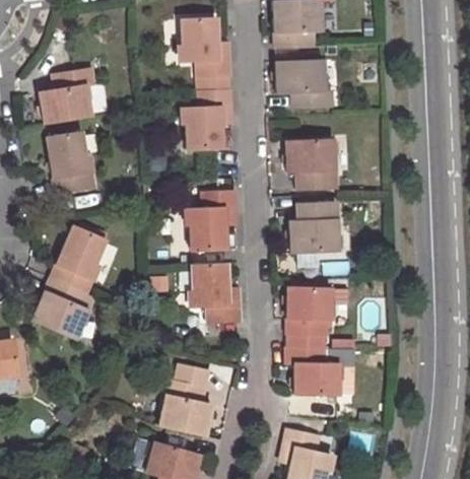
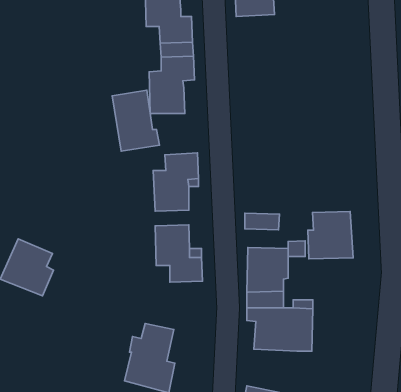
building: [275,60,331,107] -> none
building: [40,68,94,123] -> none
building: [47,130,95,193] -> [112,90,160,151]
building: [287,139,334,188] -> none
building: [290,201,337,250] -> [308,212,353,259]
building: [51,225,106,293] -> none

